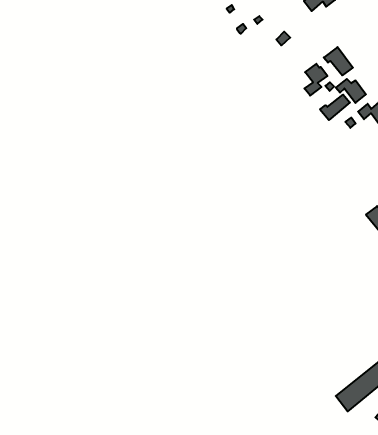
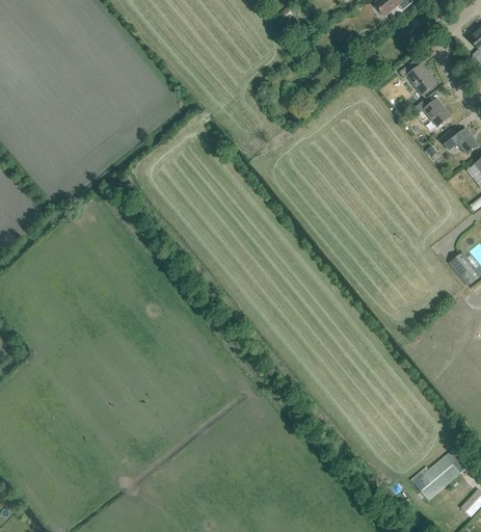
building: [304,64,327,96] -> none
building: [320,95,350,120] -> none

